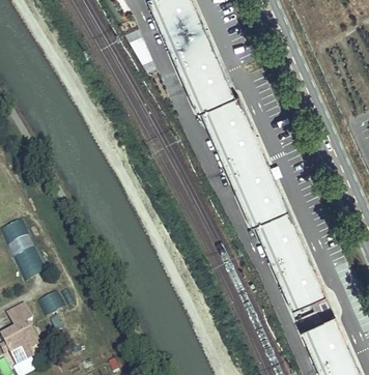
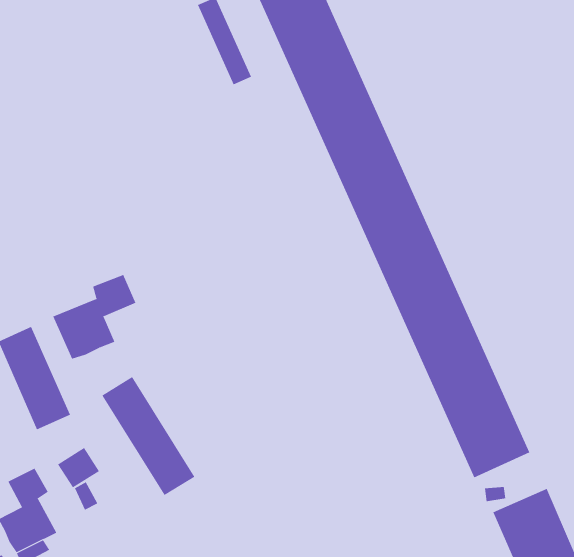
building: none -> [53,274,136,360]
building: none -> [101,376,195,496]

